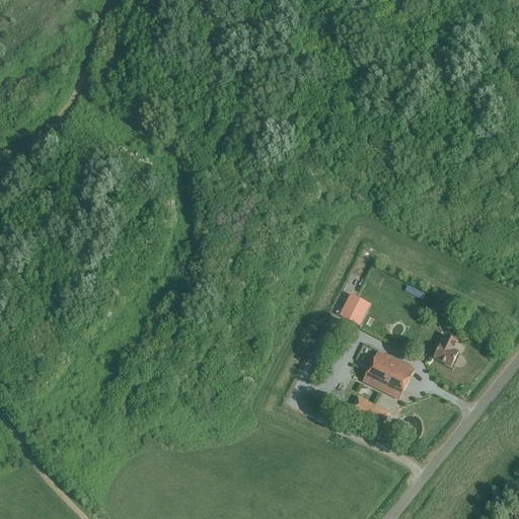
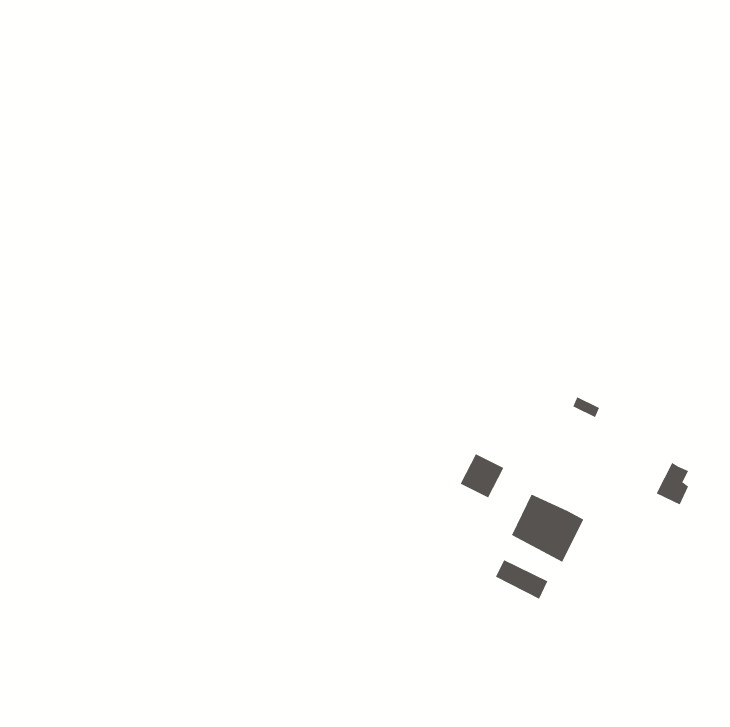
building: [339,293,370,324] -> [460,454,504,498]
building: [433,333,456,364] -> [656,462,689,505]

